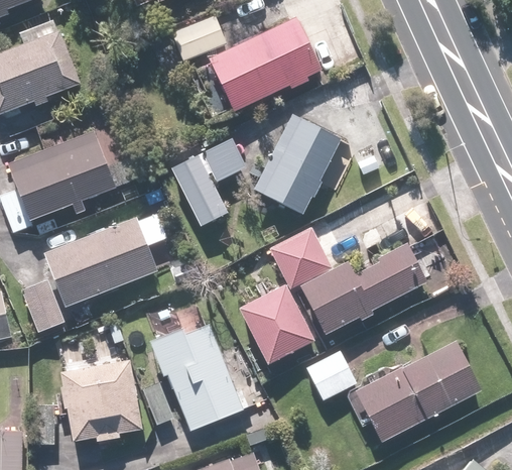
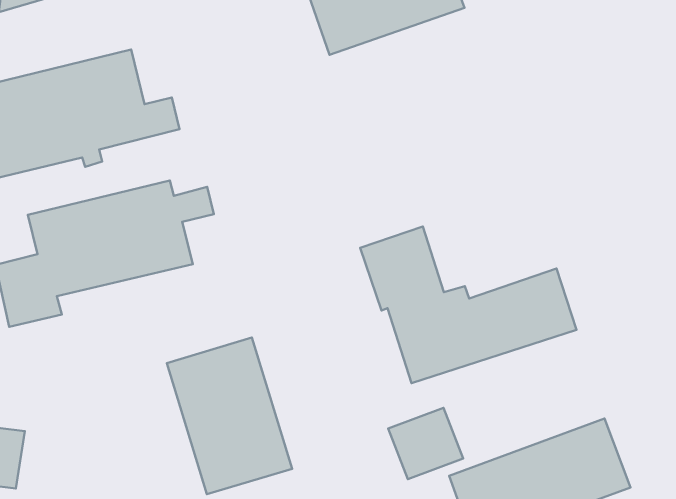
building: [252,116,341,218] -> none
building: [170,137,246,226] -> none
building: [239,285,314,363] -> none
building: [59,358,143,442] -> none

